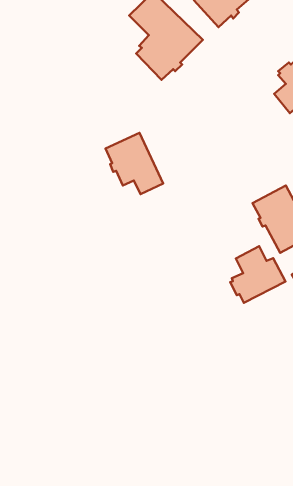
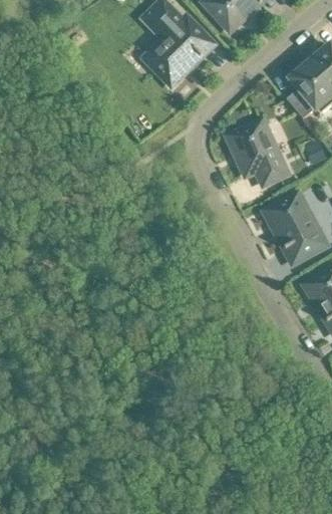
building: [105,133,163,194] -> [228,118,287,182]
building: [230,246,286,303] -> none

